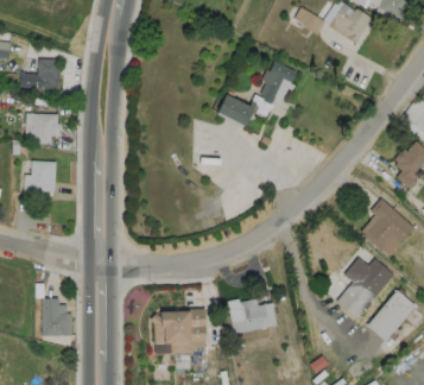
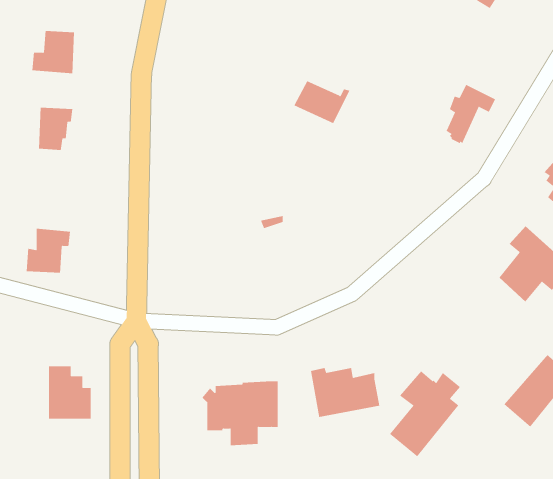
building: [260,62,296,105] -> [446,84,496,144]
building: [25,160,57,192] -> [26,228,71,273]
building: [336,258,387,320] -> [389,371,461,457]

